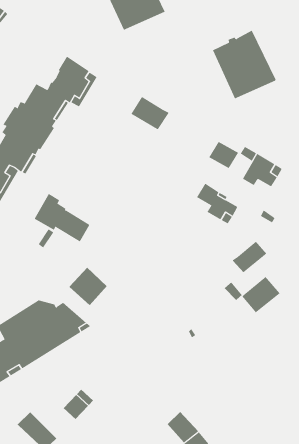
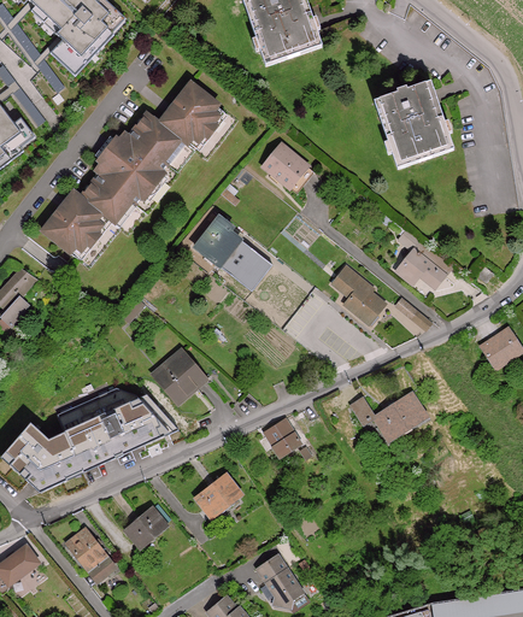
building: [209,141,239,169] -> none
building: [34,193,90,242] -> [195,217,266,284]
building: [232,241,267,273] -> none
building: none -> [268,421,298,457]
building: none -> [194,475,240,517]

